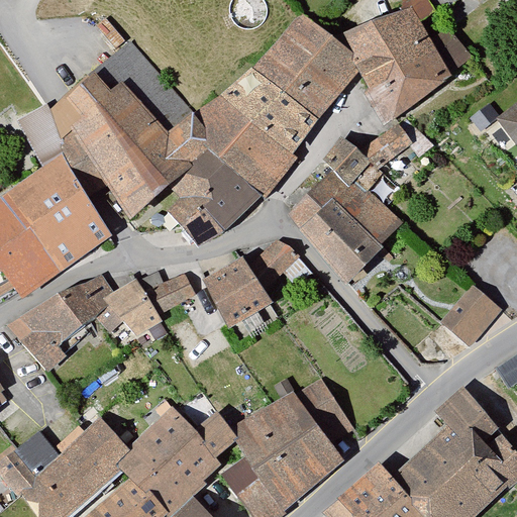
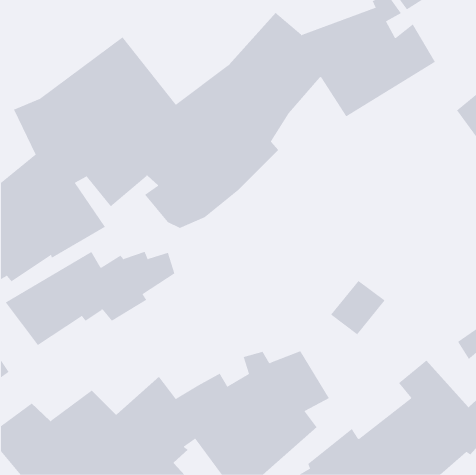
building: [287,115,437,288] -> none
building: [198,238,299,330] -> none
building: [443,289,503,348] -> [330,280,385,335]

